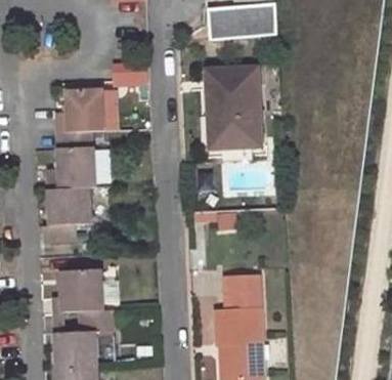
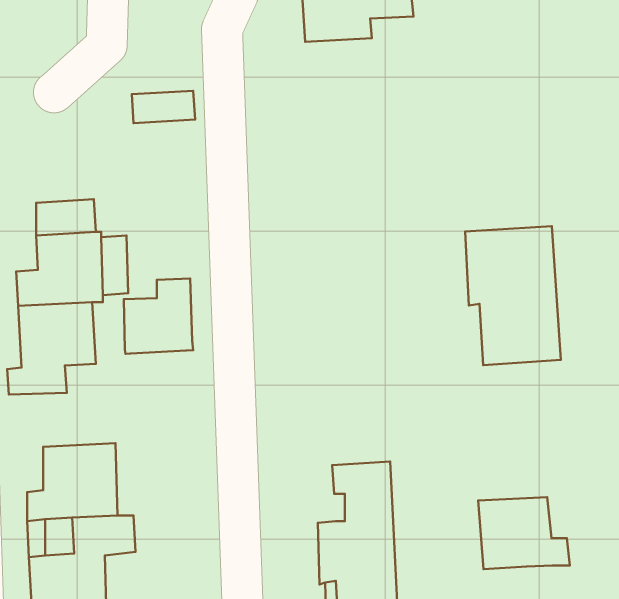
building: [205,69,259,147] -> [465,226,561,365]
building: [55,90,103,129] -> none
building: none -> [124,279,193,354]
building: none -> [478,497,570,569]

